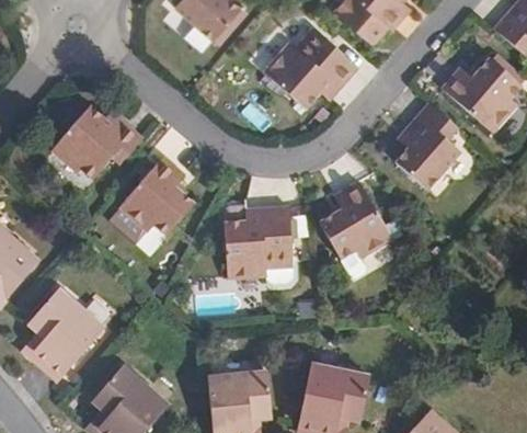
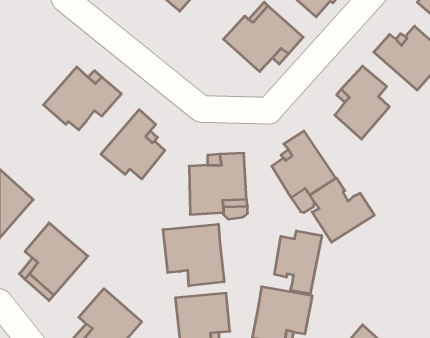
building: none -> [310,178,374,242]
building: none -> [163,224,224,286]
building: none -> [275,231,322,294]

